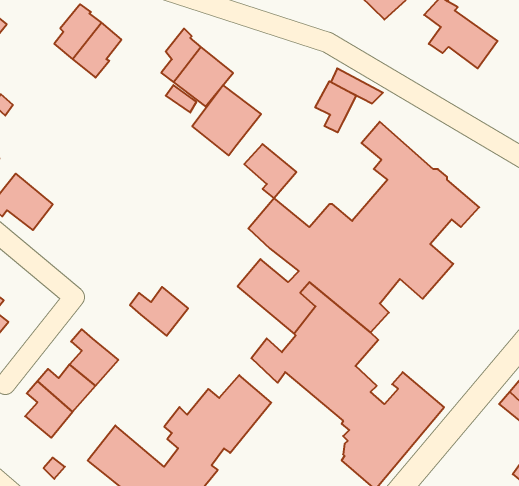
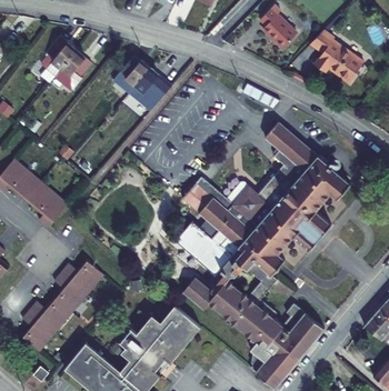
building: [315,81,356,132] -> none
building: [192,85,261,155] -> none
building: [244,144,296,198] -> none
building: none -> [26,181,68,228]
building: [130,287,188,336] -> [61,259,103,294]

